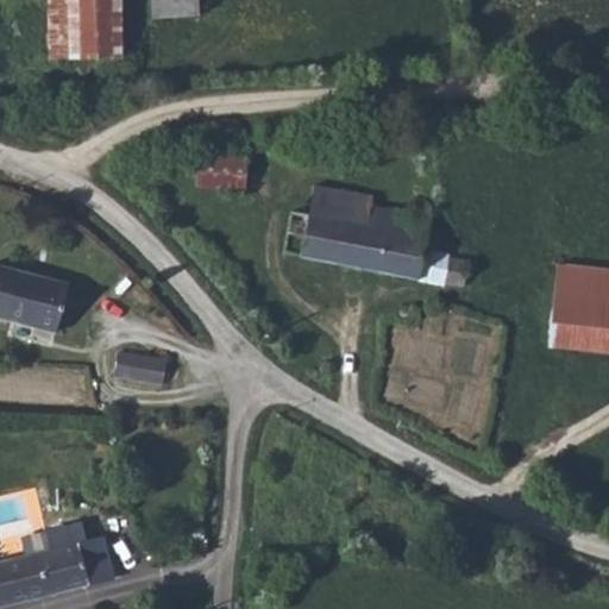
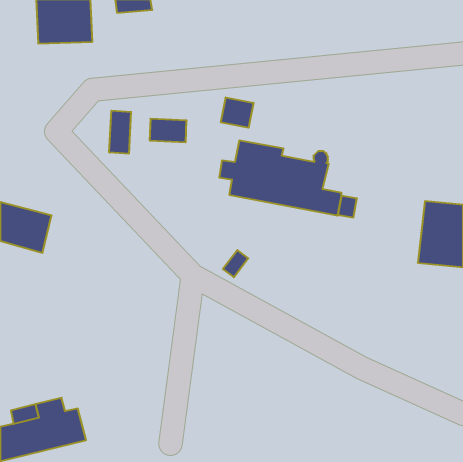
building: none -> [221,97,254,128]
building: none -> [109,111,131,154]
building: [114,351,167,383] -> none

